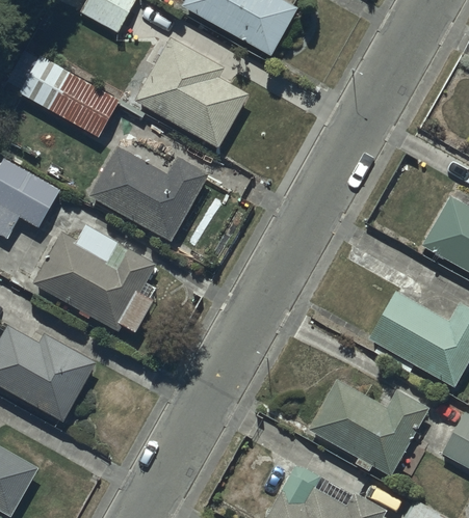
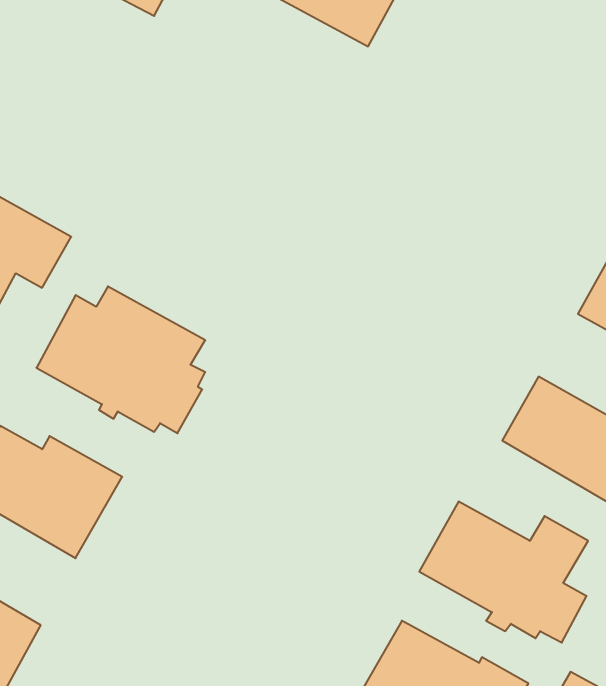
building: [134,37,247,147] -> none
building: [19,55,119,137] -> none
building: [89,146,209,241] -> none

